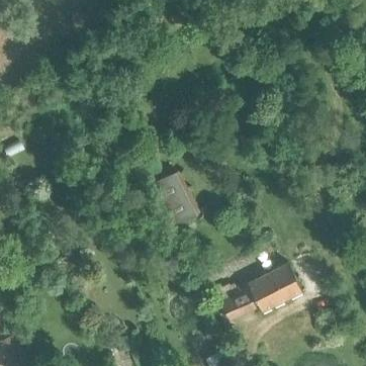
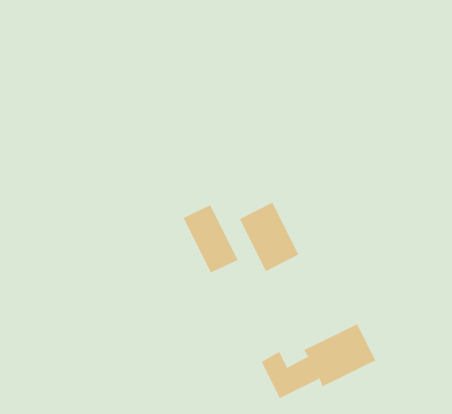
building: none -> [239,202,299,272]

